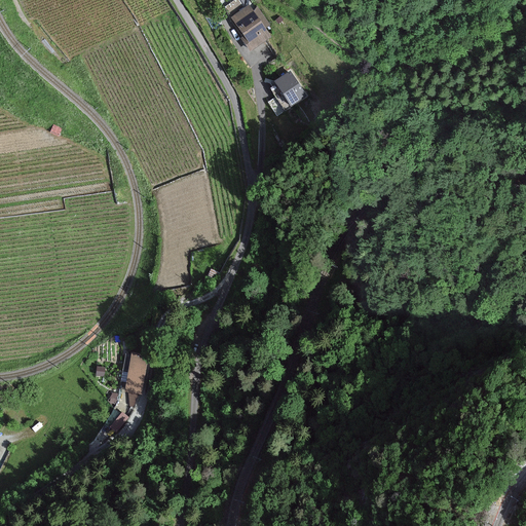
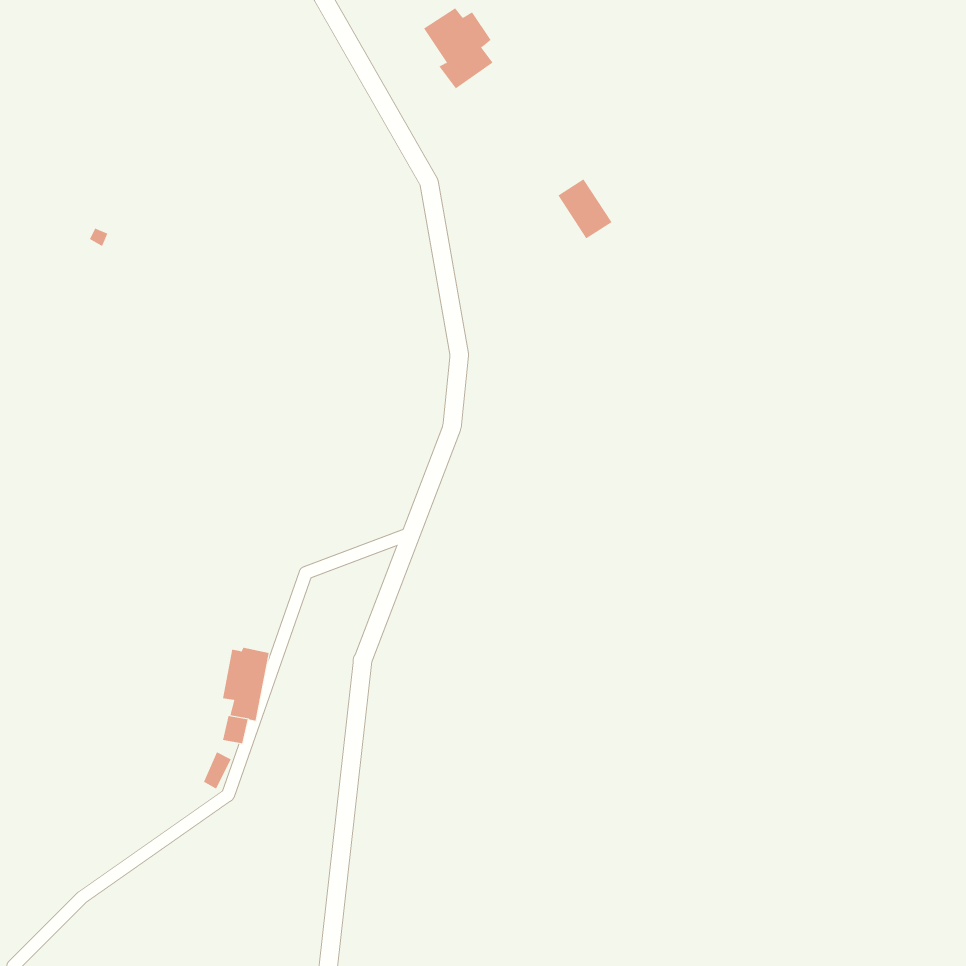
building: [274,70,304,103] -> [557,178,612,239]

